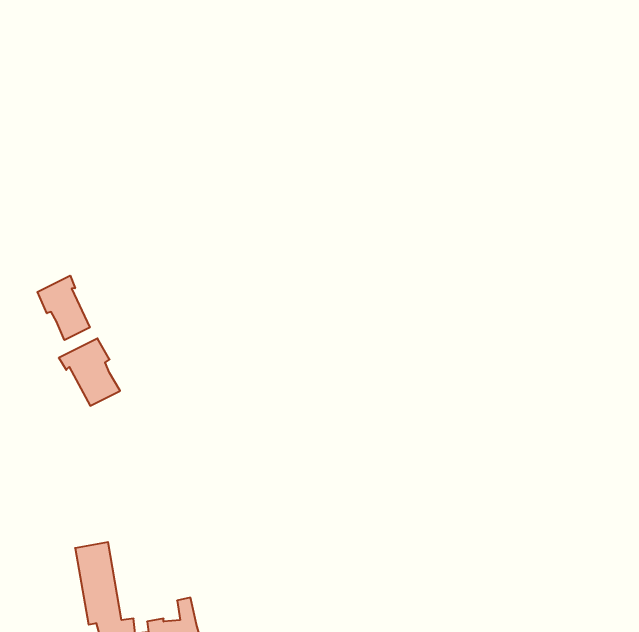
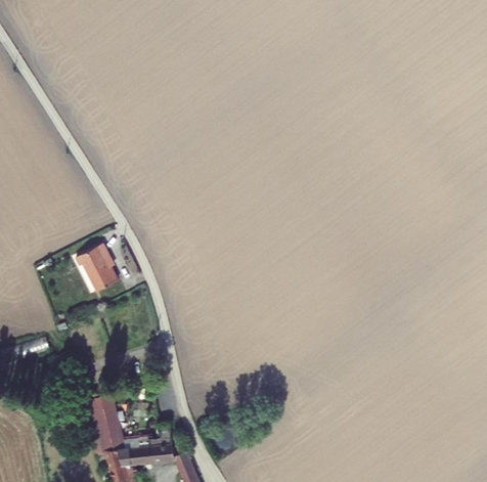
building: [37,276,90,340] -> none

